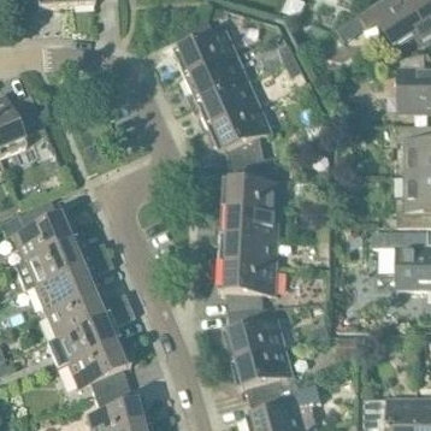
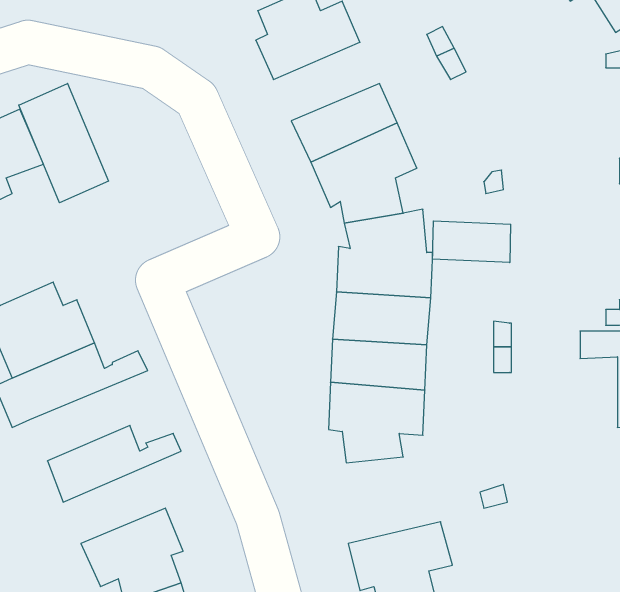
building: [184,54,249,102] -> none
building: none -> [19,83,108,203]
building: none -> [433,221,511,263]
building: [35,255,112,311] -> none
building: [45,305,134,366] -> none
building: [223,308,287,361] -> none

